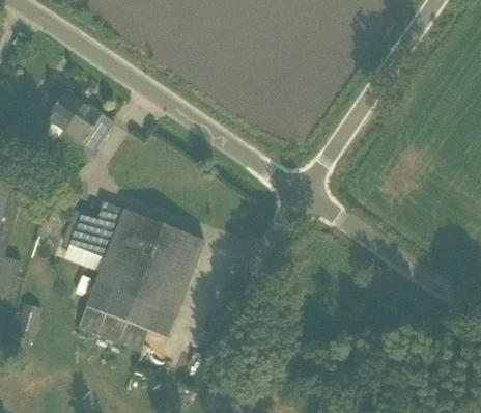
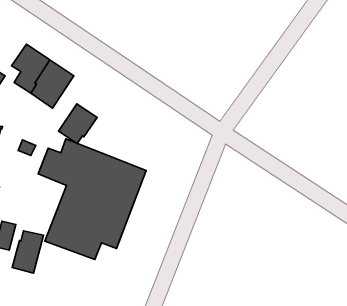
building: none -> [58,104,97,143]
building: none -> [12,231,43,273]

